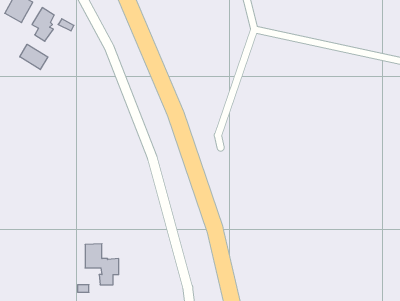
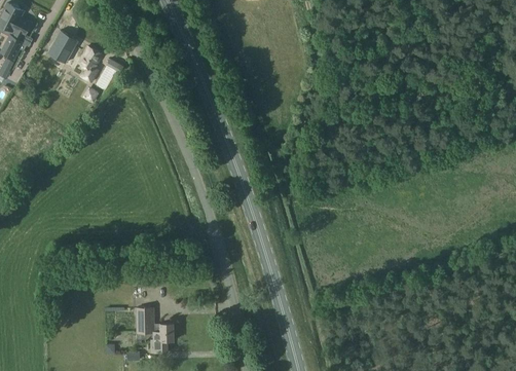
building: [20,44,48,70] -> none

